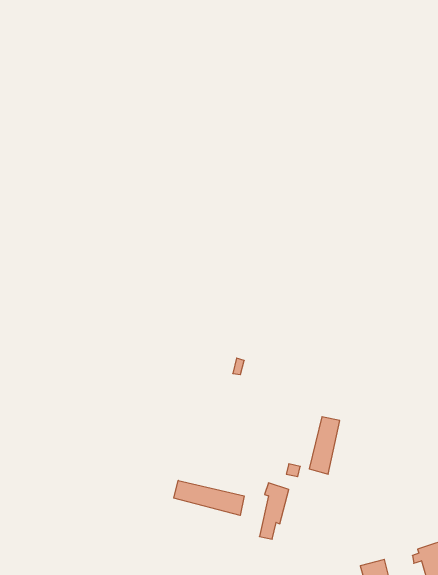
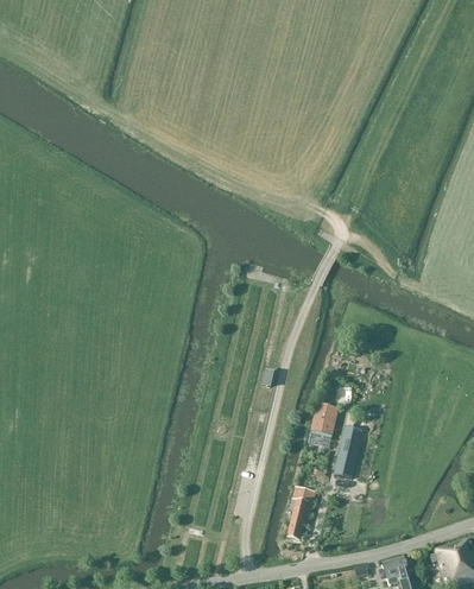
building: none -> [309,403,337,436]
building: [174,480,244,515] -> none

